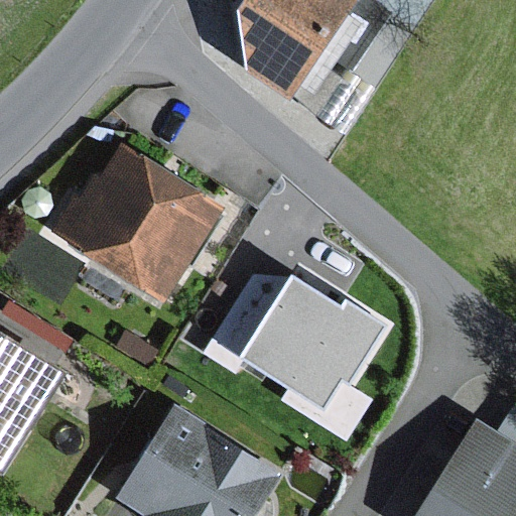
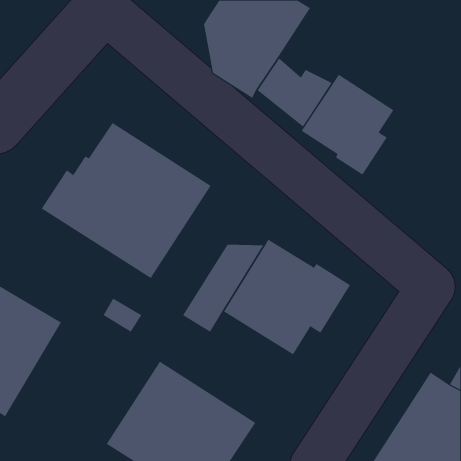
building: none -> [301,74,394,175]

